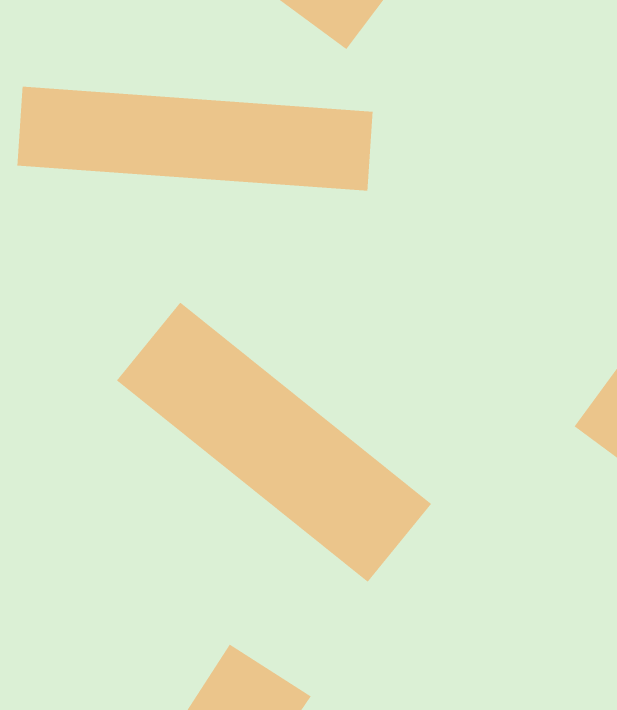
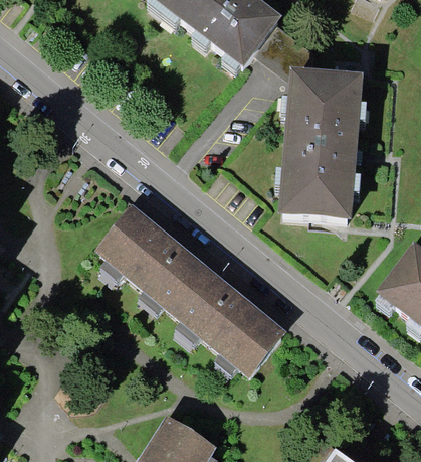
building: none -> [278,71,361,215]
building: [17,86,374,191] -> none

